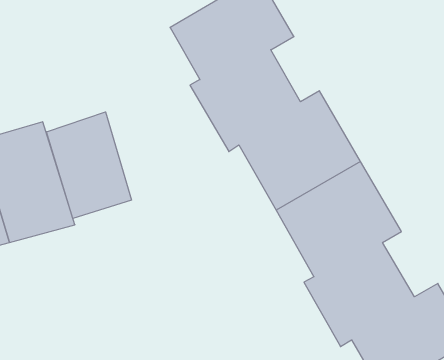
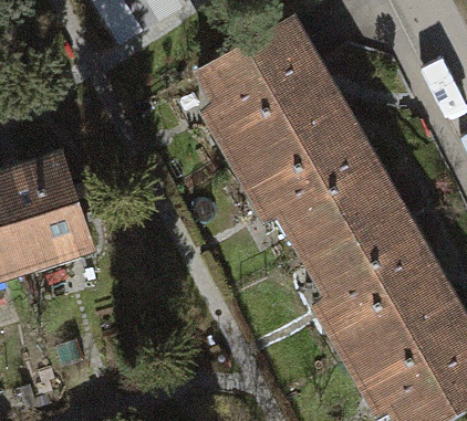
building: [47,112,132,219] -> none

